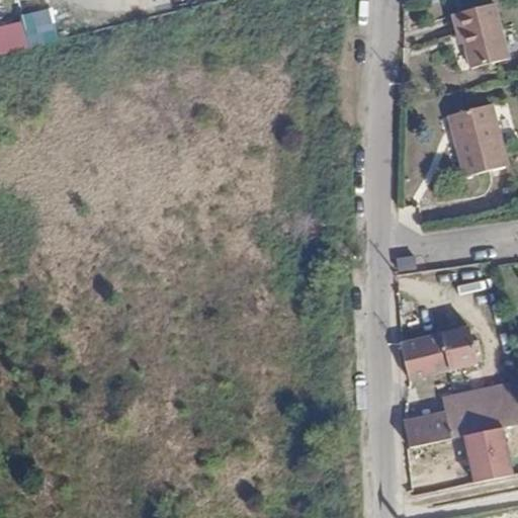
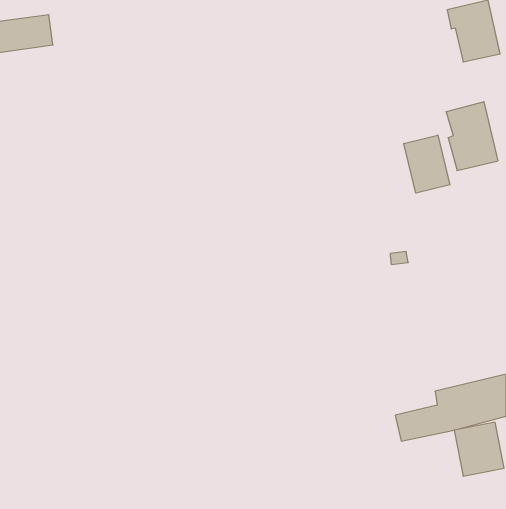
building: none -> [404,135,450,193]
building: [398,327,473,379] -> none

